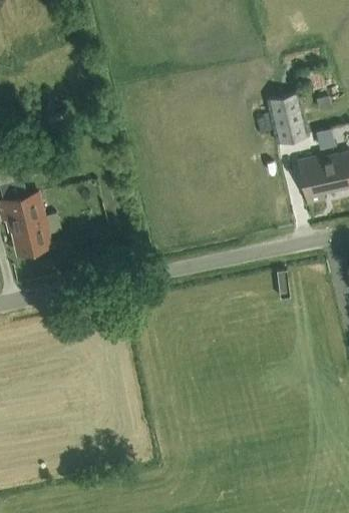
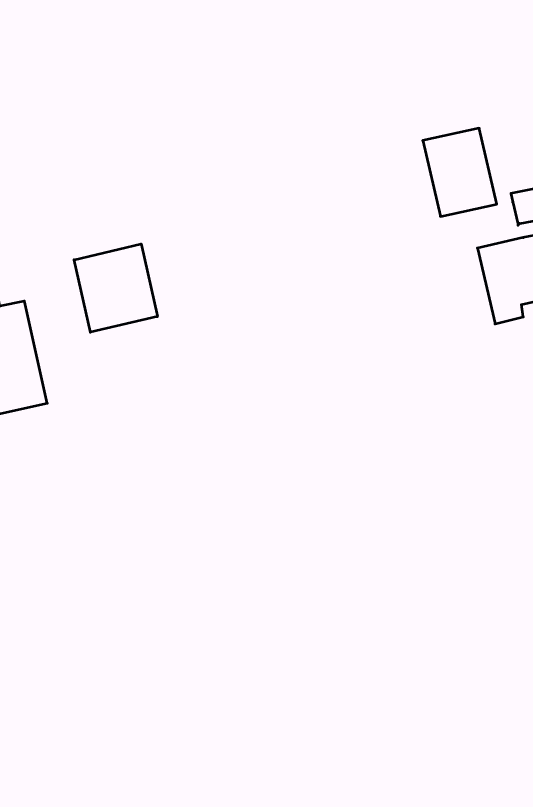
building: none -> [74,244,157,332]

